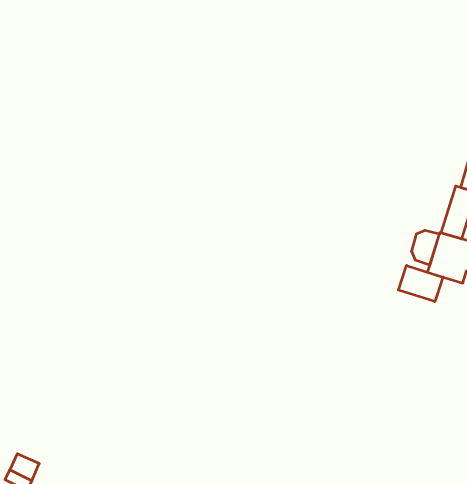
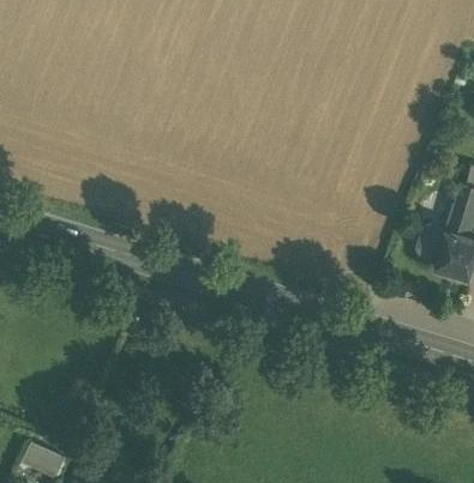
building: [398,265,443,302] -> none

